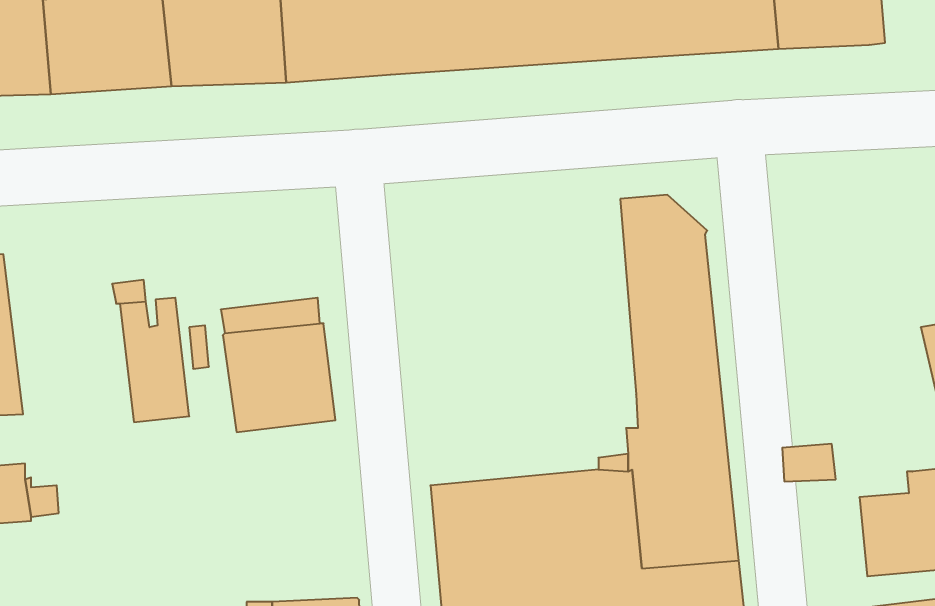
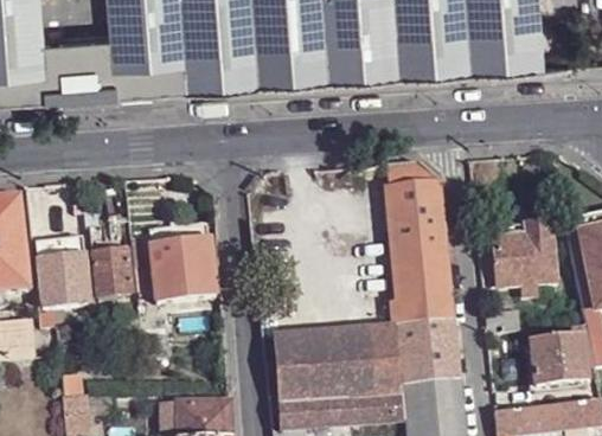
building: none -> [488,222,555,295]
building: none -> [36,242,96,325]

